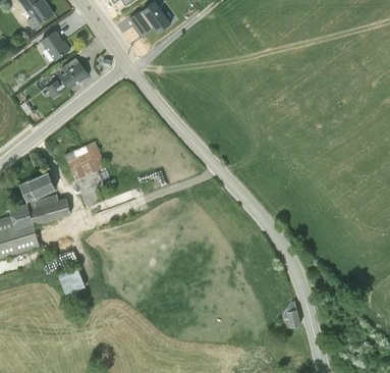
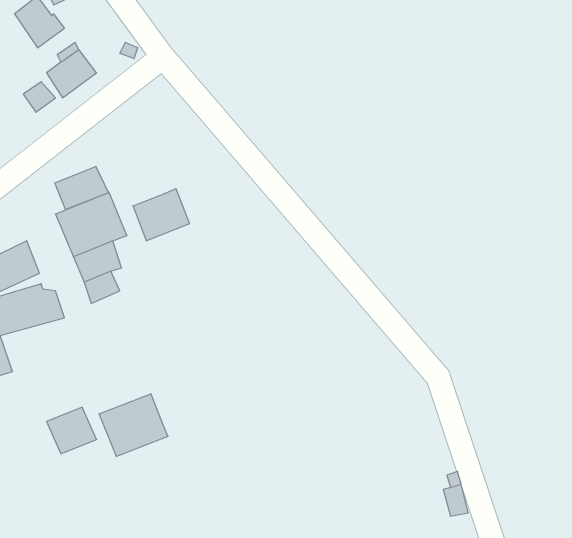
building: none -> [55,166,108,210]
building: none -> [133,189,189,241]
building: none -> [99,394,168,457]

